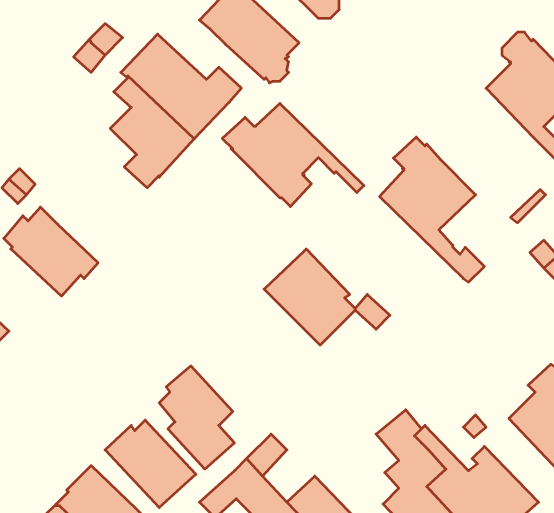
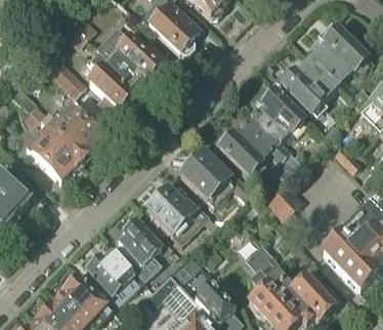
building: none -> [276,55,337,115]
building: none -> [50,59,86,95]
building: [222,103,364,207] -> [213,119,296,179]
building: none -> [48,102,100,158]
building: none -> [267,181,302,217]
building: none -> [145,187,201,238]

